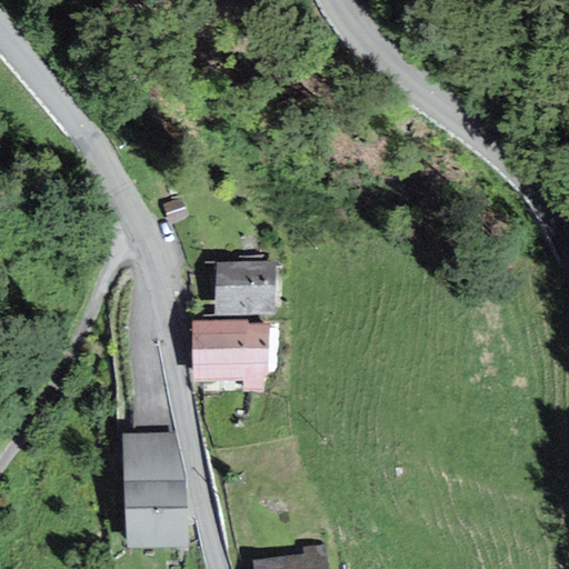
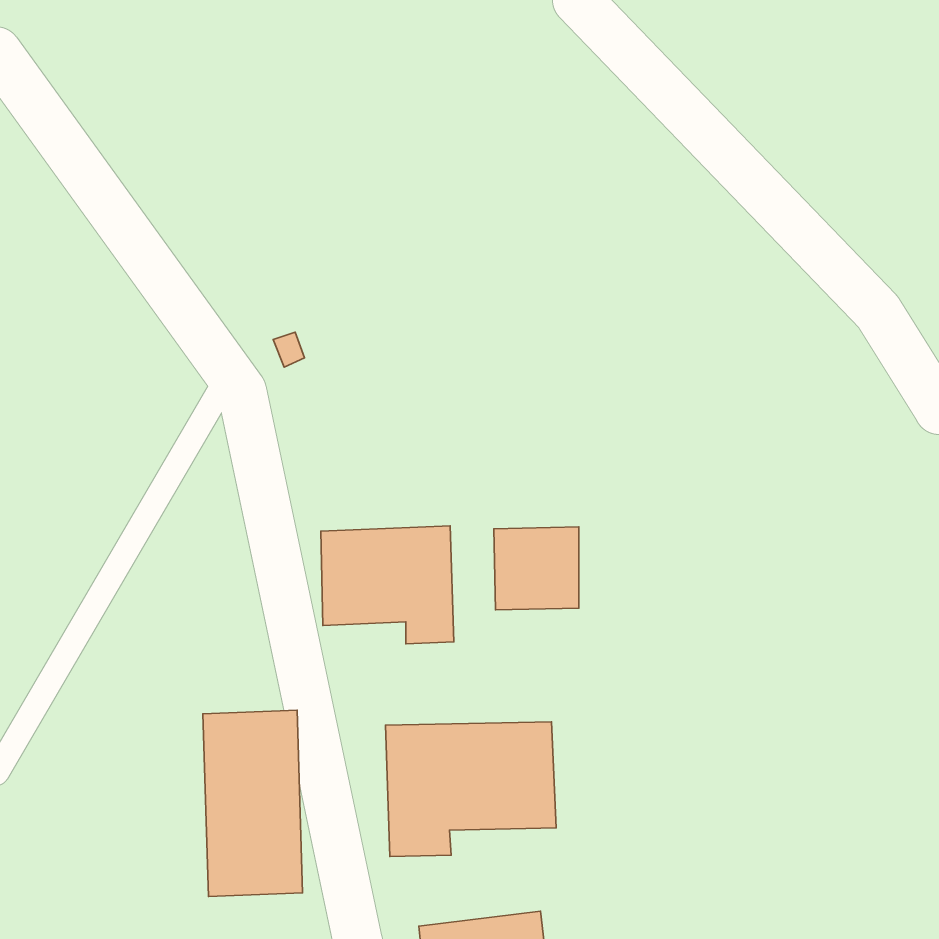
building: [220,262,271,312] -> [494,527,579,610]
building: none -> [386,722,556,857]

